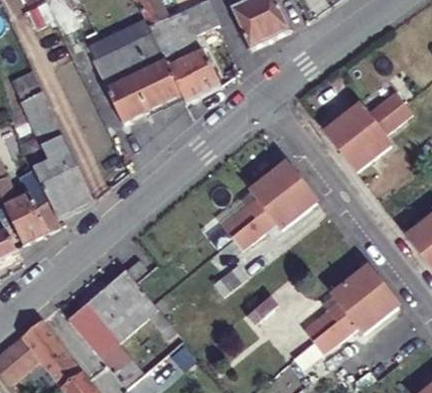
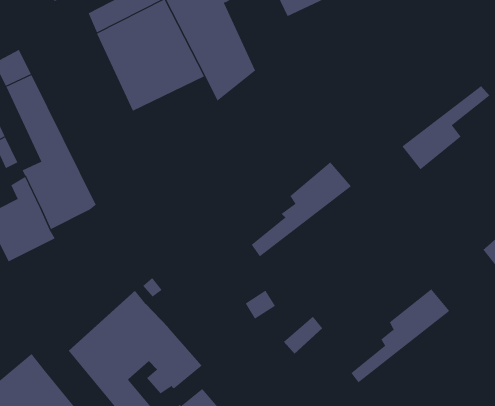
building: [325,90,406,150] -> none
building: [227,182,315,249] -> none
building: [306,283,397,353] -> none

